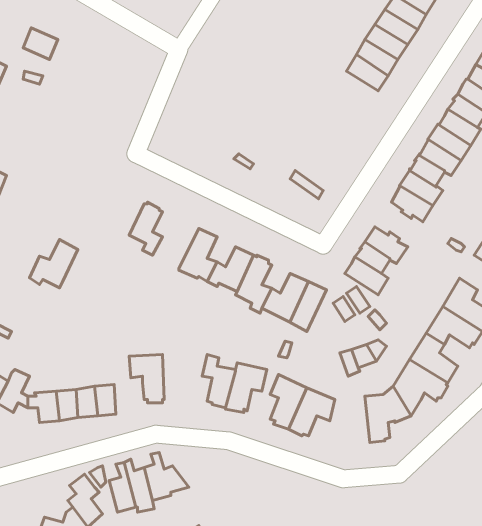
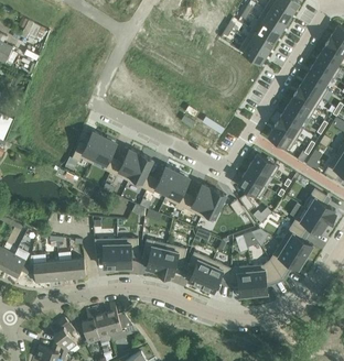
building: none -> [109,150,140,182]
building: [30,240,78,288] -> [72,132,104,164]
building: none -> [116,239,137,269]
building: none -> [227,266,254,298]

